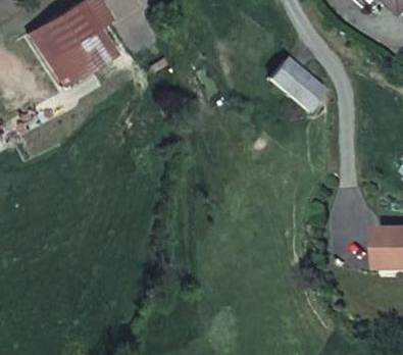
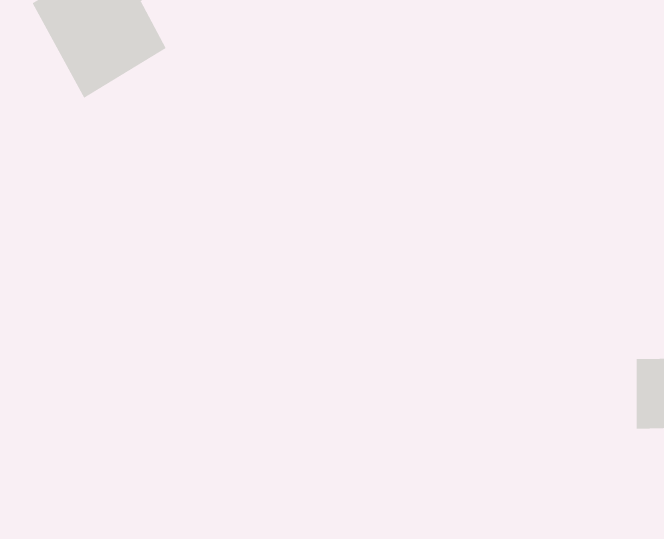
building: [267,55,322,107] -> none

